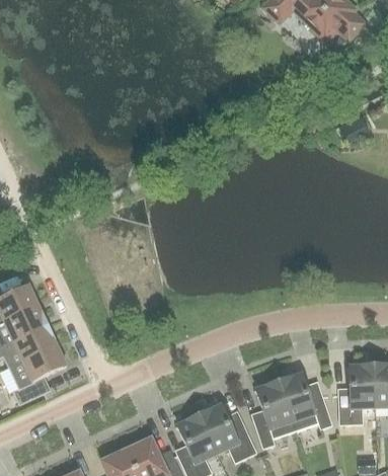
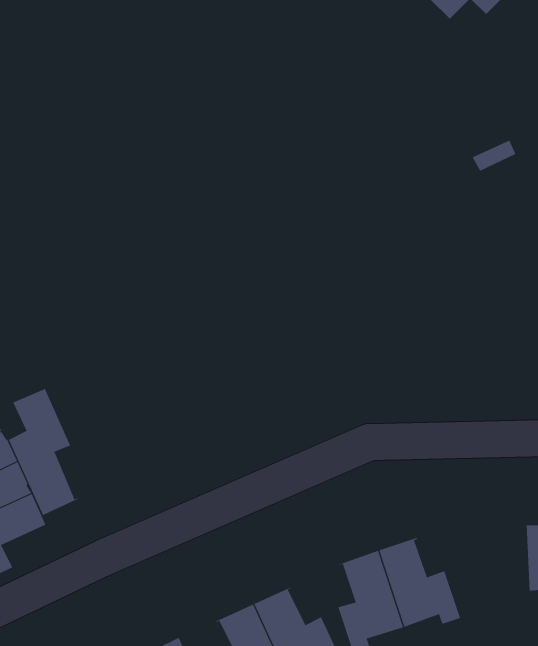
building: none -> [8,388,79,516]
building: [338,365,376,424] -> none

